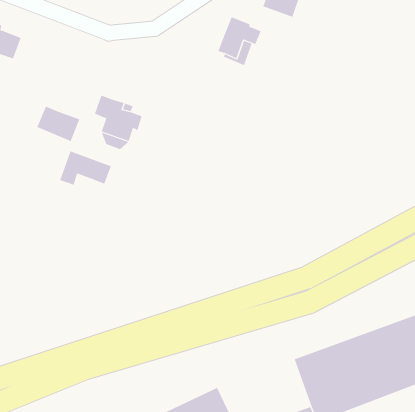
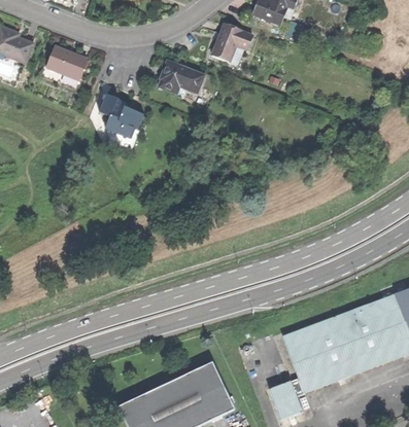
building: none -> [160,61,203,94]
building: [36,106,80,142] -> [45,45,86,78]
building: [60,150,111,186] -> none

